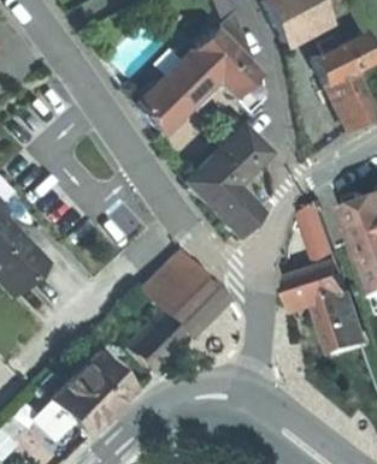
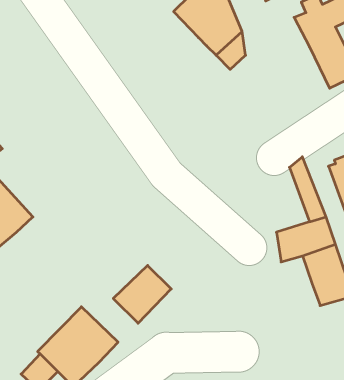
building: [136,53,214,132] -> none
building: [184,126,267,234] -> none
building: [141,250,226,335] -> none

